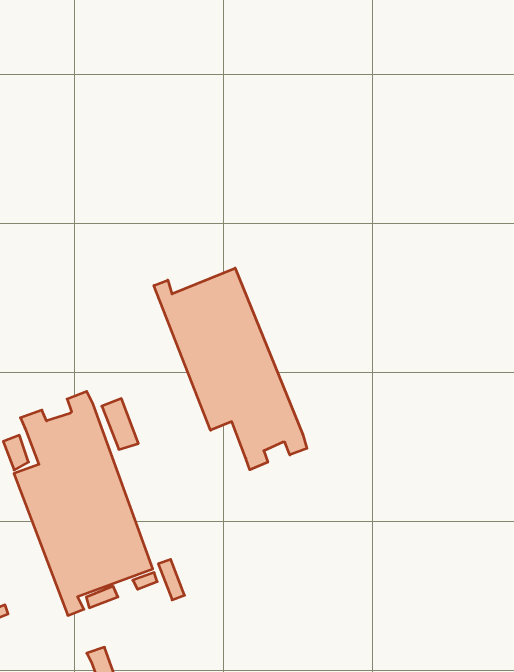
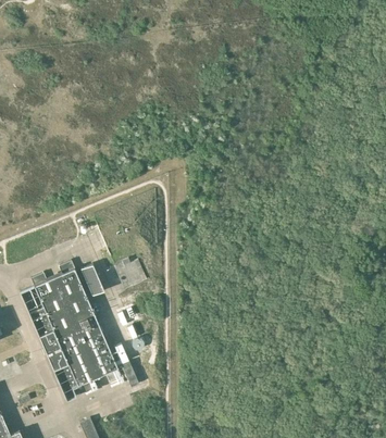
building: [154,268,307,470] -> none

